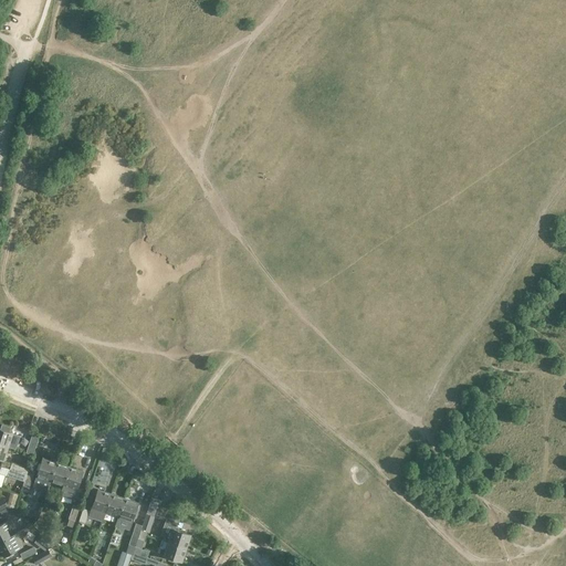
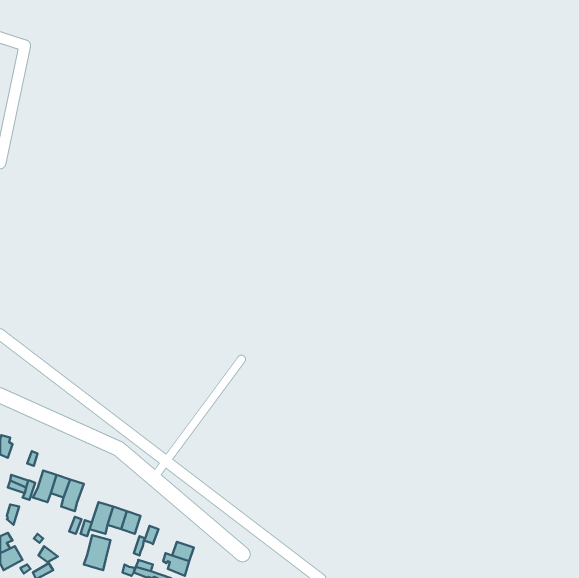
building: none -> [84,535,110,570]

